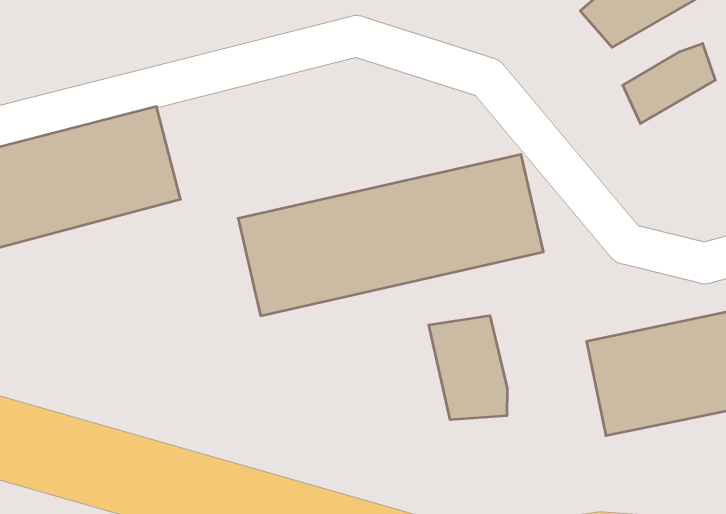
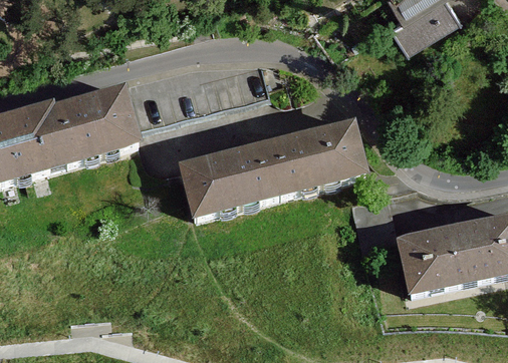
building: [623,43,715,124] -> none
building: [429,316,507,420] -> none

